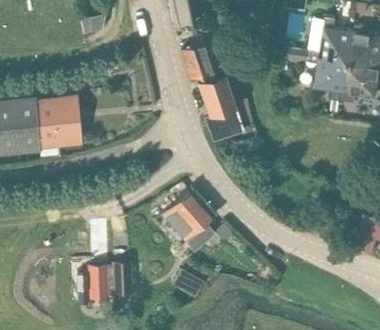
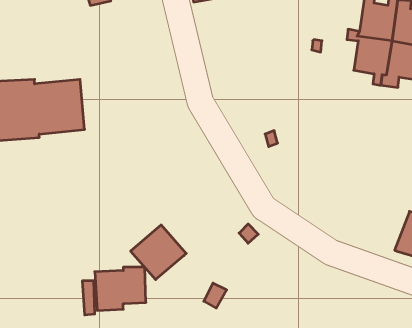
building: [180,41,244,145] -> none
building: [162,192,212,240] -> [131,225,186,280]

